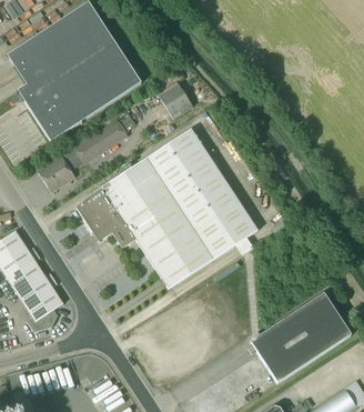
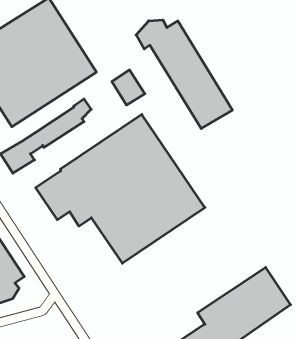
building: none -> [136,20,232,129]

